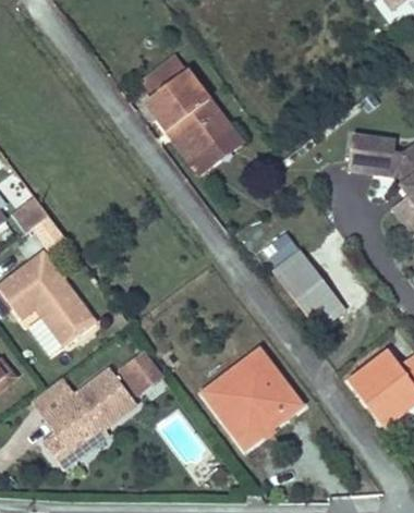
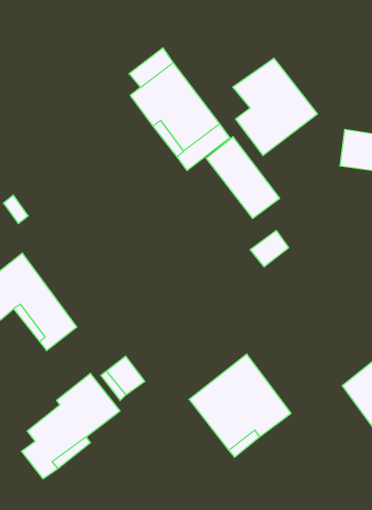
building: none -> [233,58,317,156]
building: [272,249,343,328] -> [206,137,280,218]
building: [32,378,78,423] -> none

